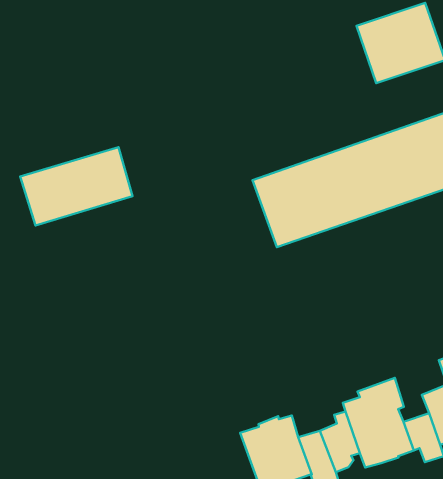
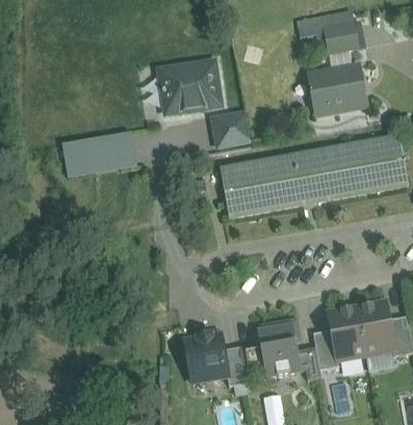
building: none -> [159,62,220,113]
building: none -> [212,112,250,147]

